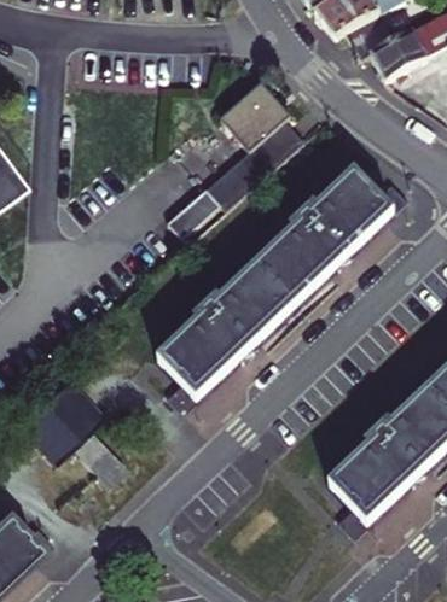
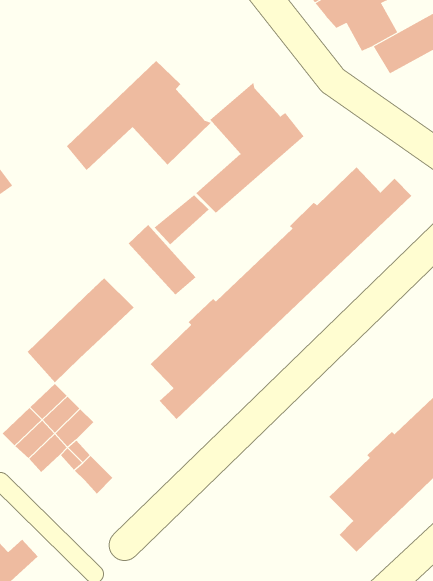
building: none -> [66,60,212,171]
building: none -> [128,224,196,296]
building: none -> [27,277,134,383]

